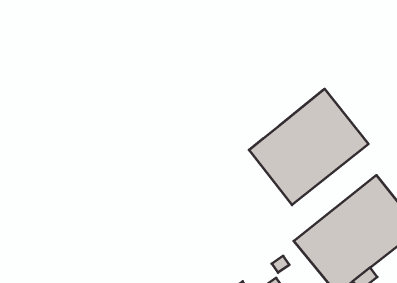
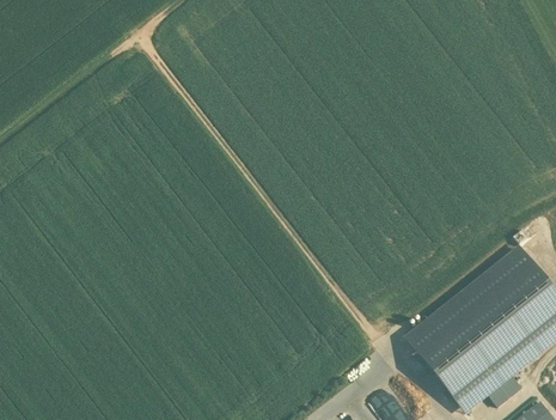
building: [249,89,368,205] -> none

